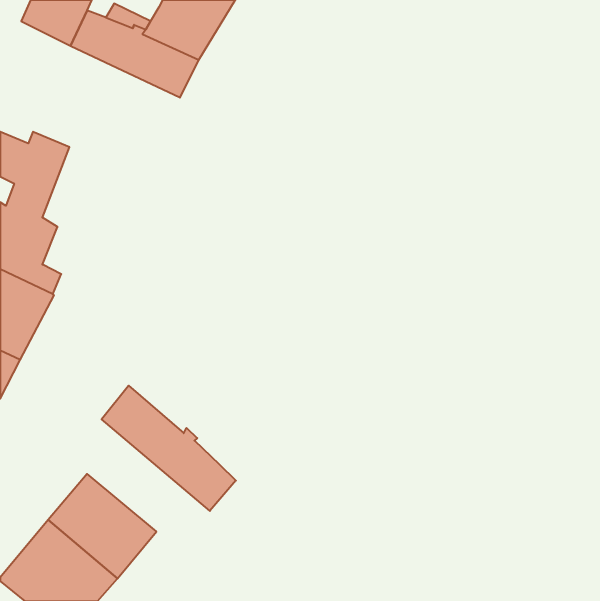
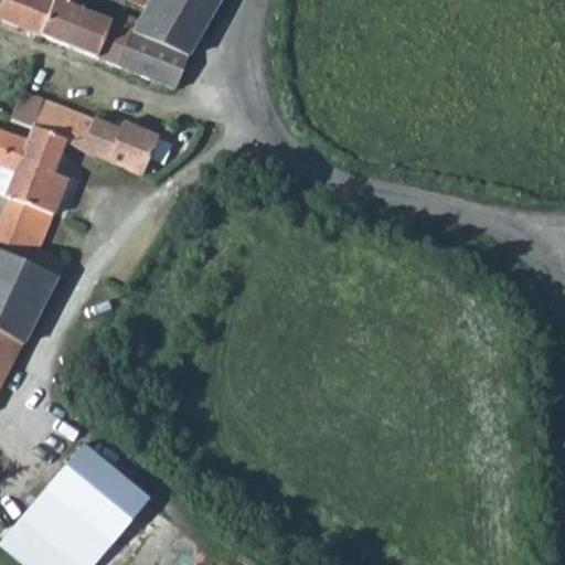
building: none -> [15,75,158,173]
building: [102,386,236,511] -> none

